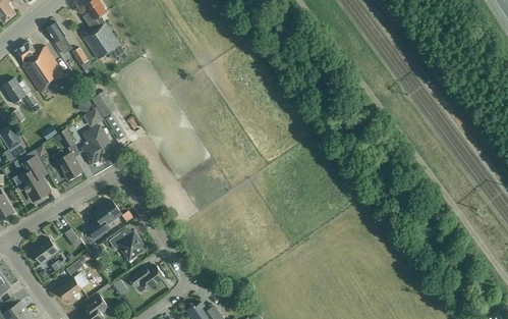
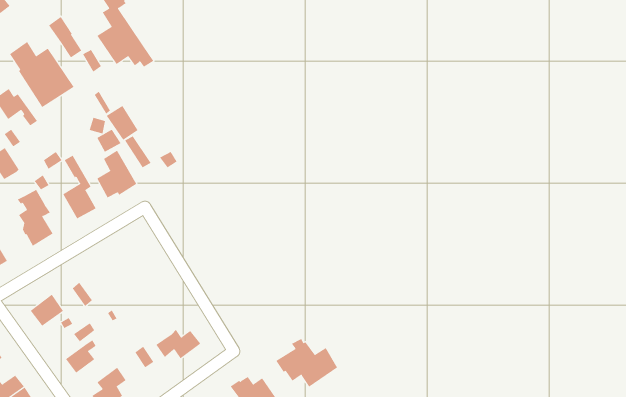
building: [87,201,121,238] -> none
building: [108,231,146,262] -> none
building: none -> [276,338,338,387]

